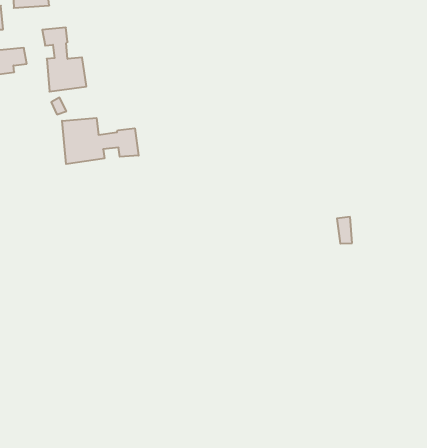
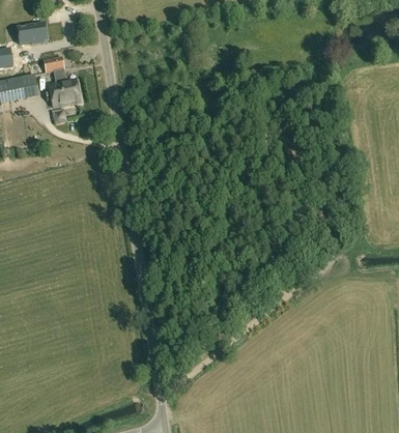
building: [62,118,139,164] -> none

